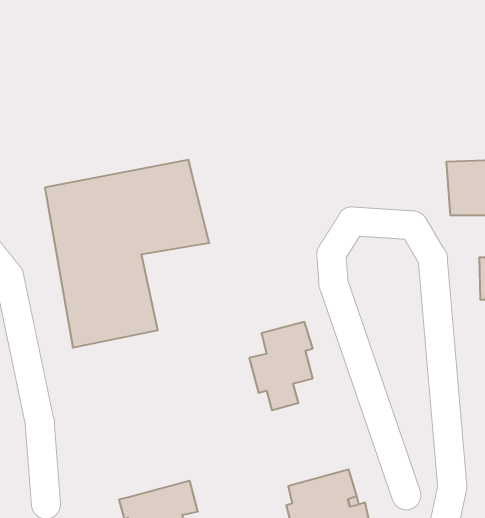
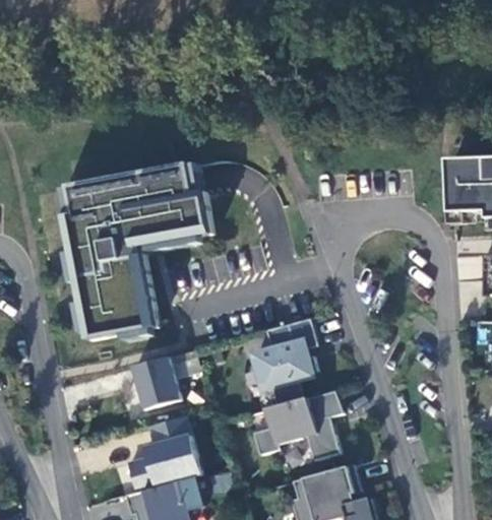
building: none -> [133,358,182,410]
building: none -> [254,391,344,460]
building: none -> [128,416,202,493]

